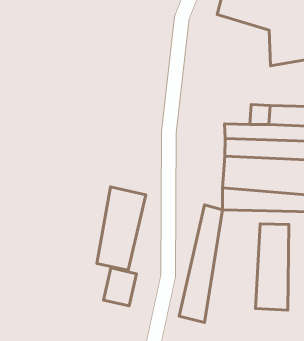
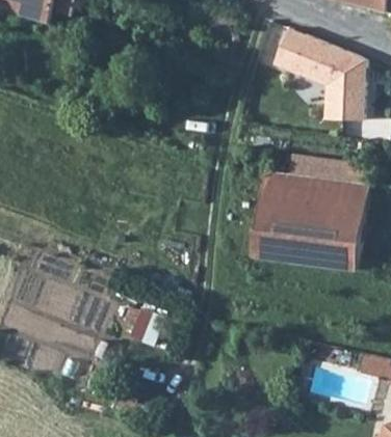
building: [97,187,146,270] -> none
building: [179,205,223,323] -> none
building: [256,224,289,310] -> none

